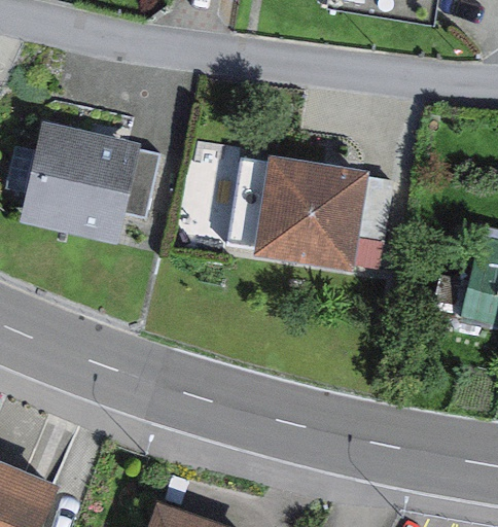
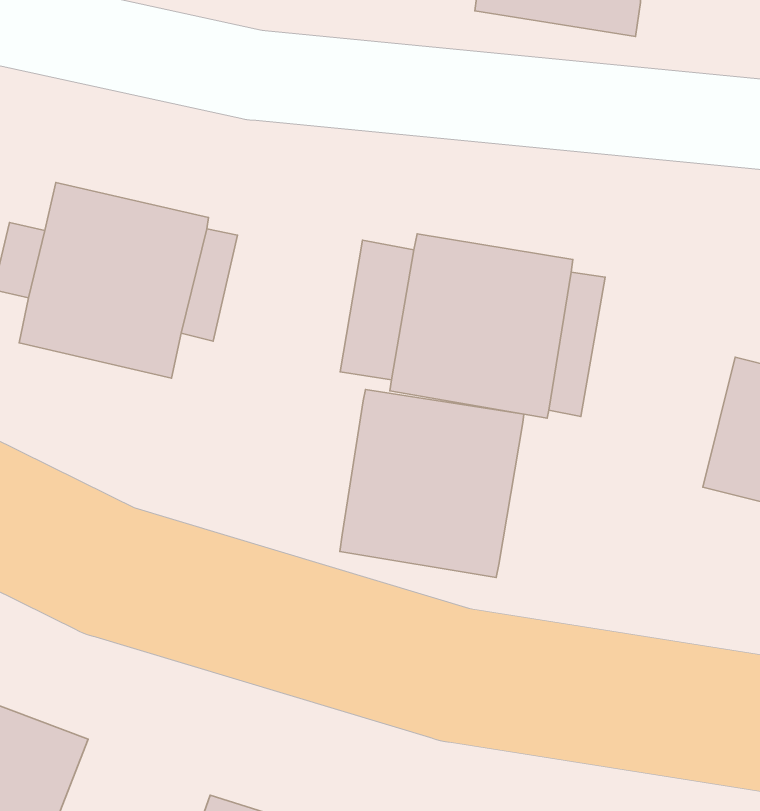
building: none -> [340,389,524,577]

